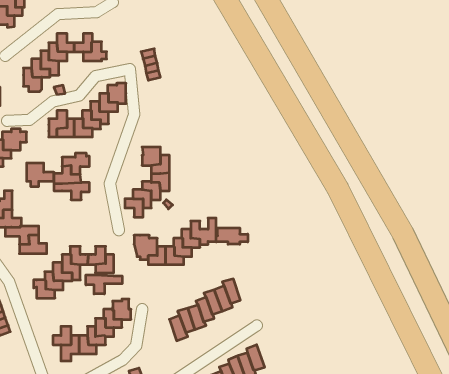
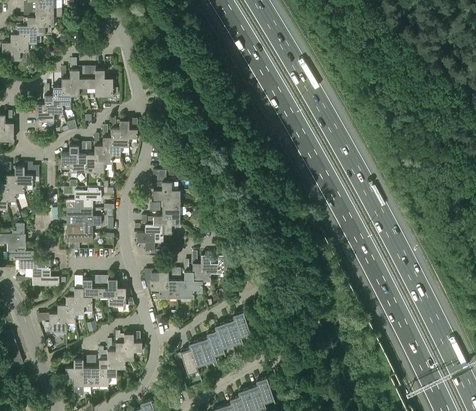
building: [27,163,54,186] -> [66,225,93,248]
building: [216,228,248,244] -> none
building: [86,275,122,294] -> none

